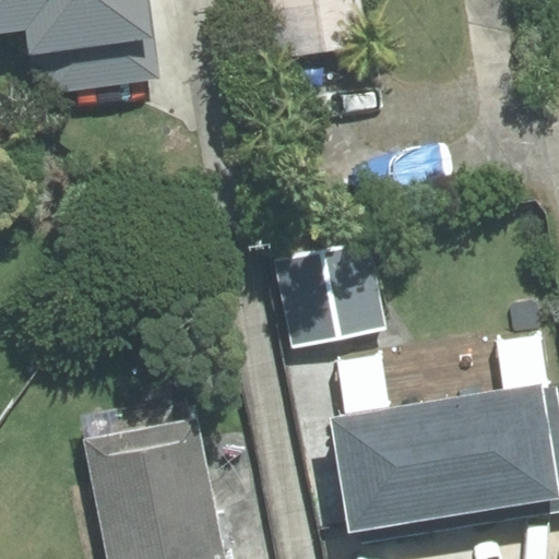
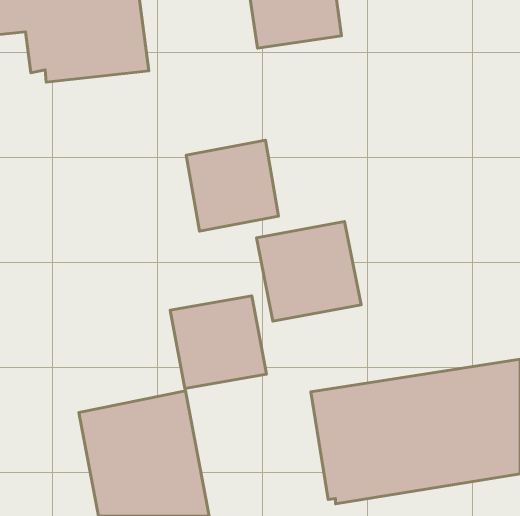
building: none -> [186,140,279,231]
building: none -> [170,296,266,389]

